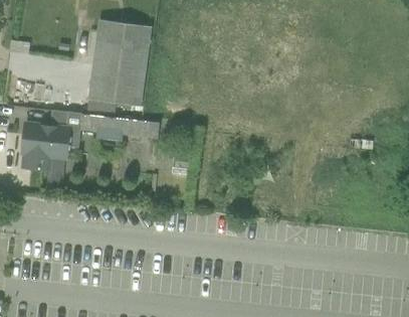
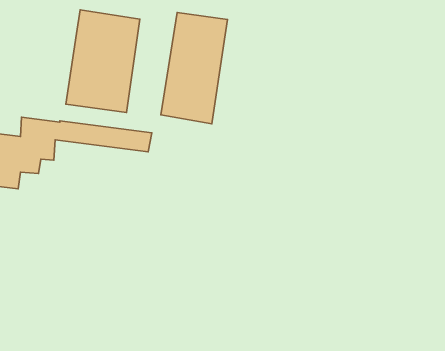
building: none -> [161,13,227,124]

